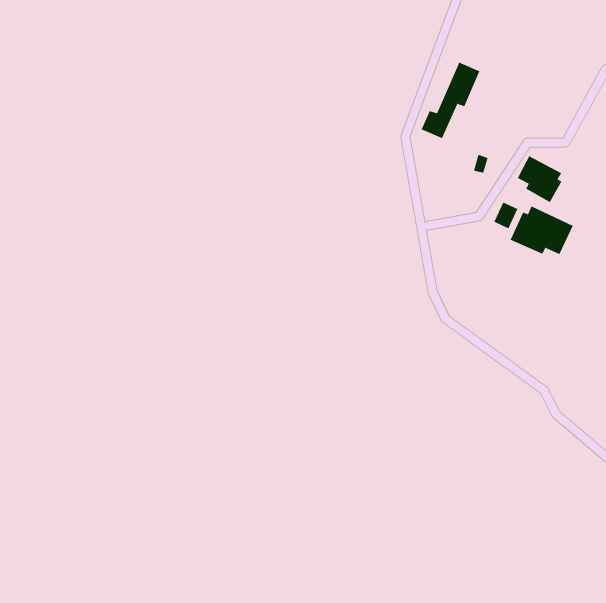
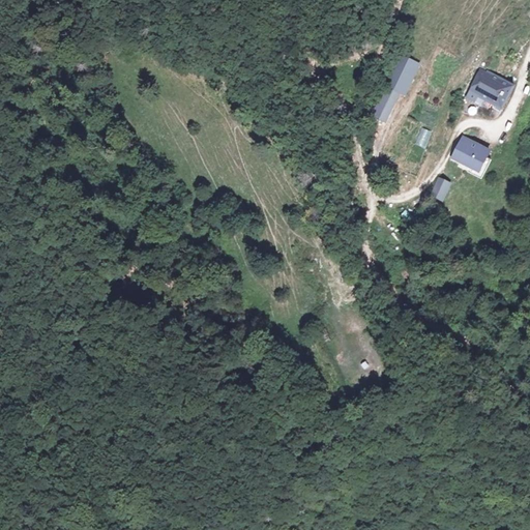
building: none -> [468,69,513,105]
building: [510,205,574,255] -> none

